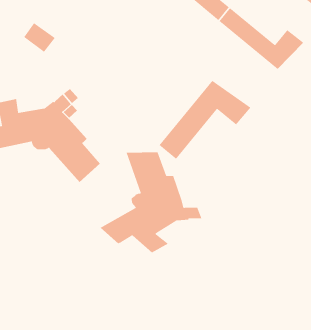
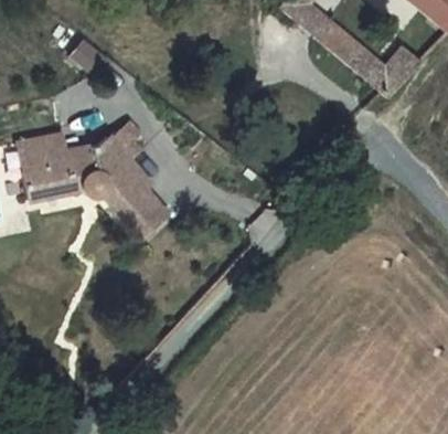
building: [159,80,252,160] -> none
building: [99,152,203,253] -> none

